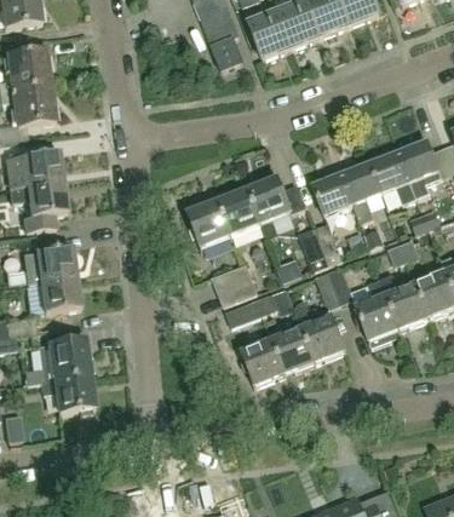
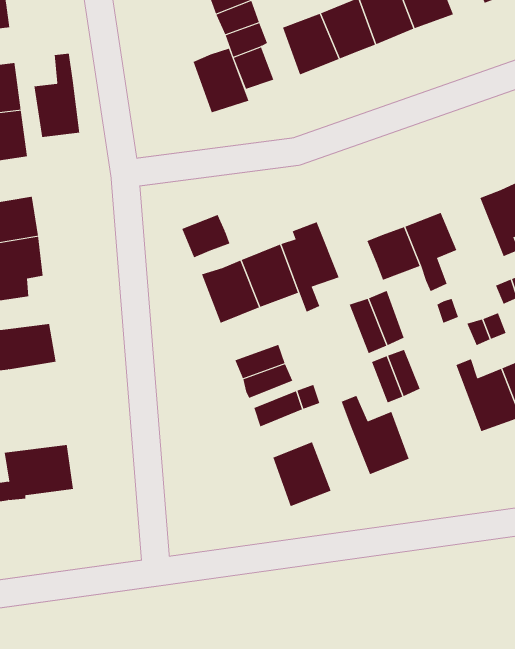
building: none -> [193,48,249,113]
building: none -> [34,53,80,138]
building: [369,153,416,203] -> none
building: none -> [181,214,230,258]
building: [40,277,80,314] -> none
building: [355,280,400,346] -> none
building: [271,327,315,375] -> none
building: [40,374,94,415] -> none

